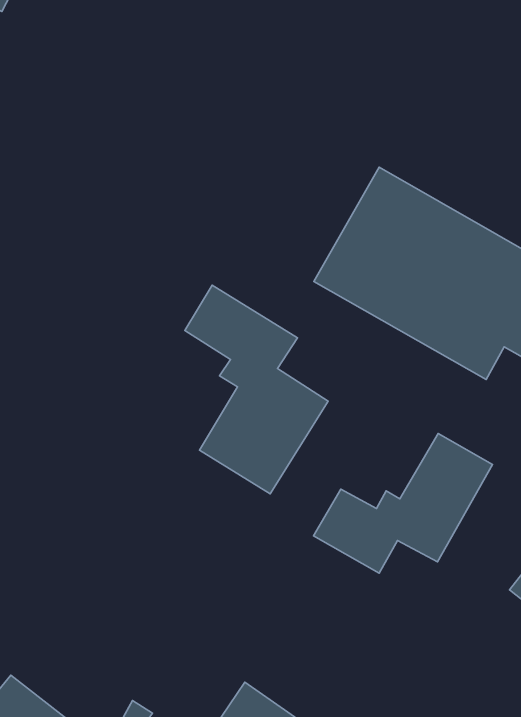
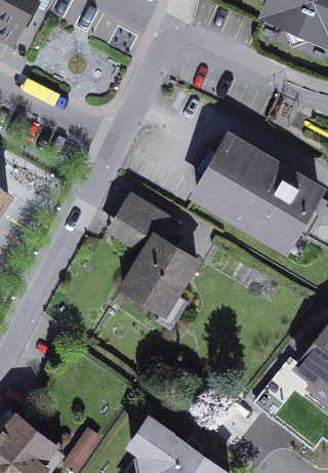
building: [314,433,493,573] -> none

